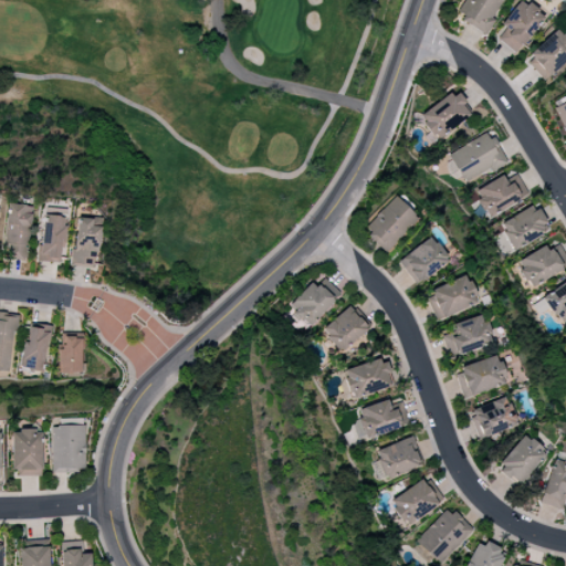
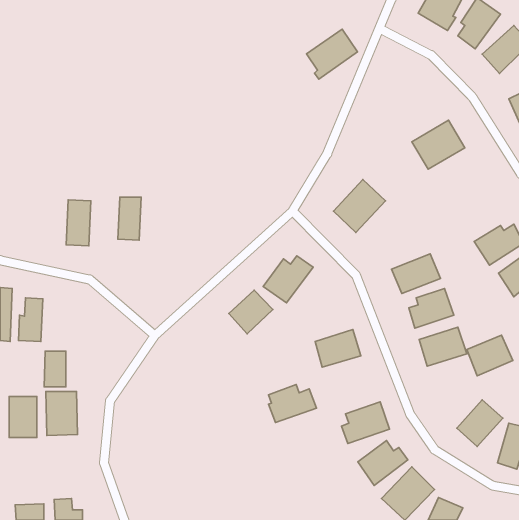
building: [418,90,473,144] -> [306,29,357,79]
building: [475,174,528,216] -> none
building: [500,202,551,250] -> none
building: [8,203,32,260] -> none
building: [41,216,66,262] -> [118,197,141,240]
building: [399,235,450,285] -> none
building: [322,305,369,353] -> [229,290,273,334]
building: [59,334,82,373] -> [44,351,66,387]
building: [468,396,517,440] -> [467,335,513,376]
building: [358,398,410,439] -> [268,385,316,422]

